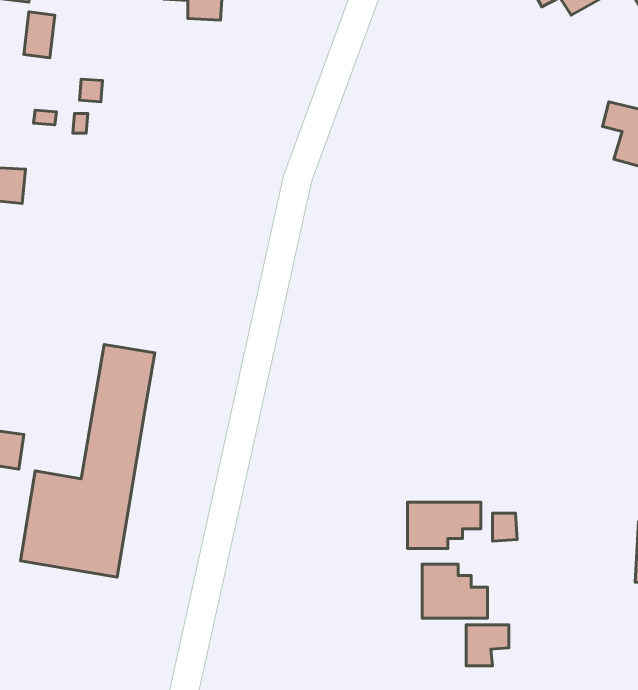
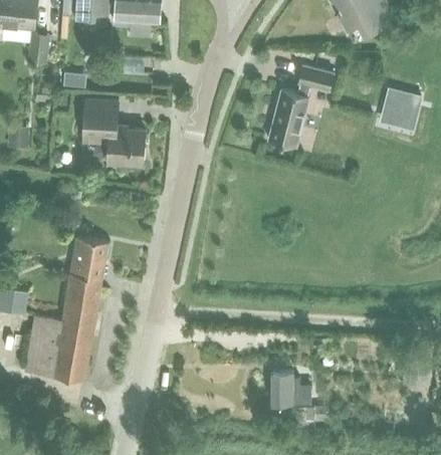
building: none -> [266,65,333,148]
building: none -> [81,99,145,165]
building: [408,502,481,548] -> none

